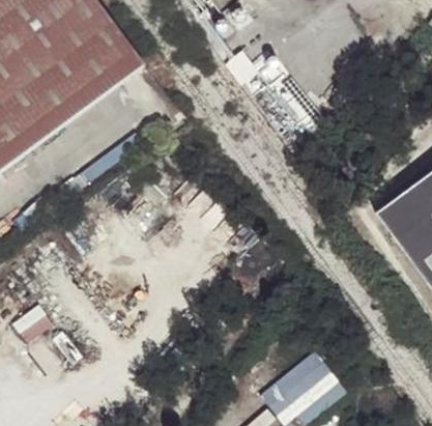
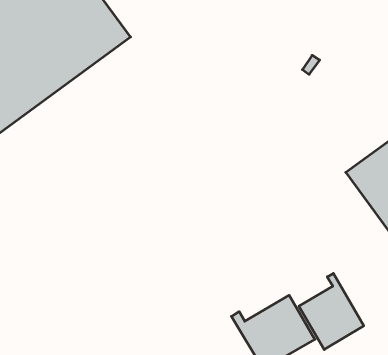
building: none -> [299,273,364,350]

